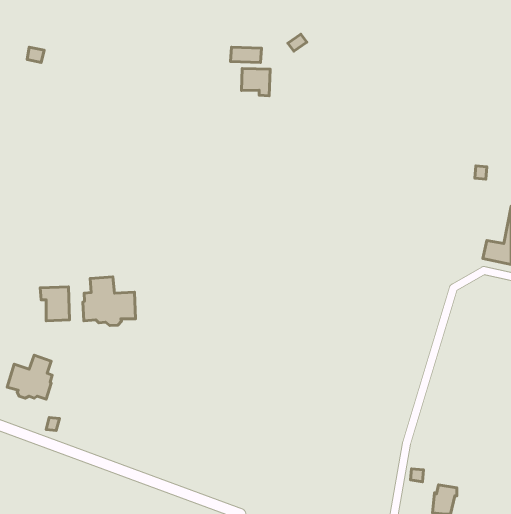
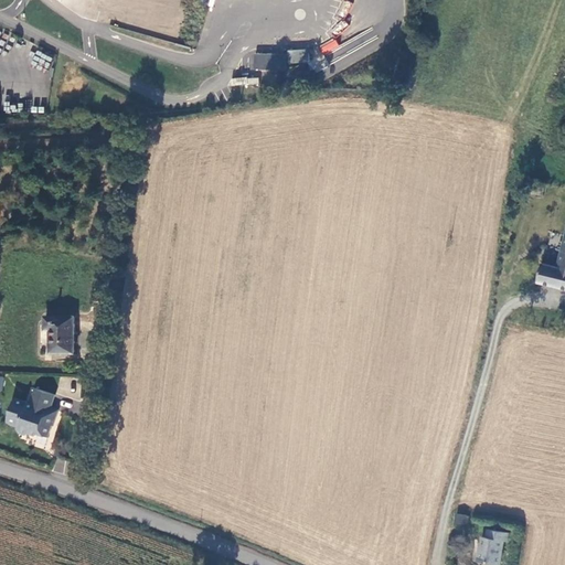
building: [241,69,270,96] -> none
building: [83,277,135,326] -> none

